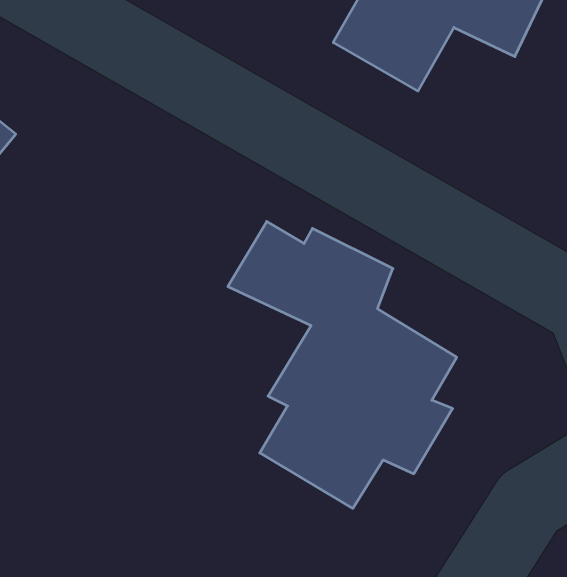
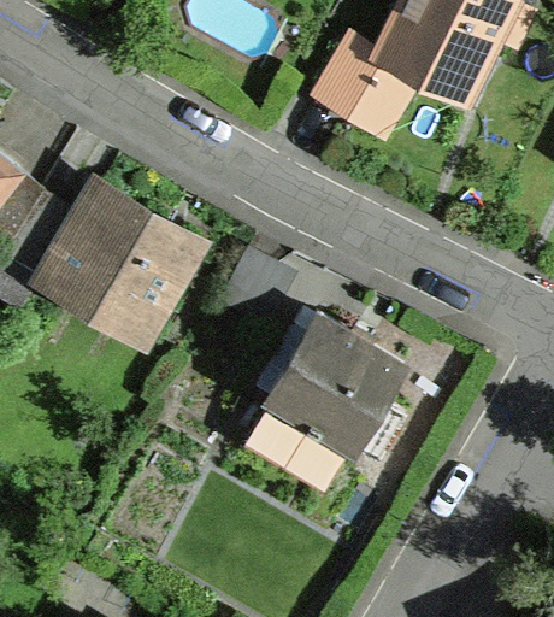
building: none -> [25,175,211,355]

